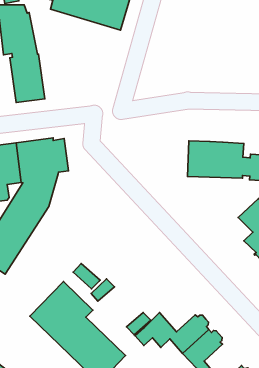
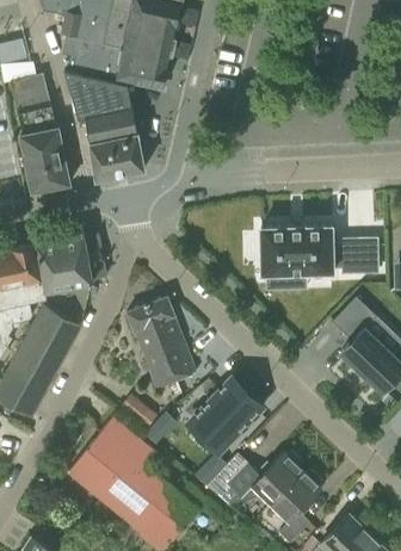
building: none -> [63,72,144,179]
building: none -> [127,297,196,389]
building: none -> [191,382,263,450]

